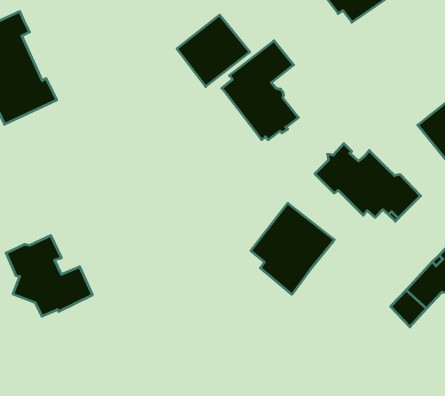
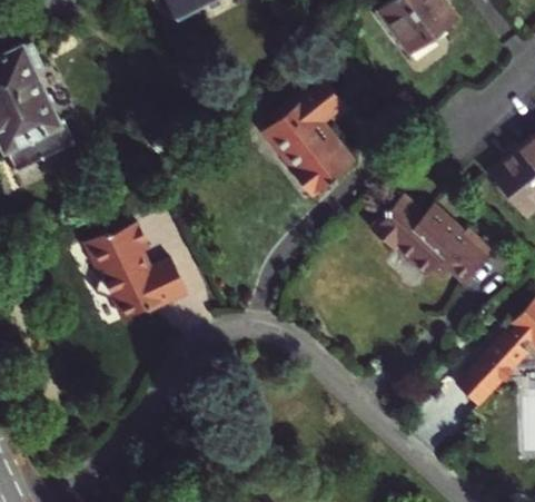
building: [177,15,250,87] -> none
building: [251,203,334,294] -> none
building: [6,236,92,316] -> [86,225,185,317]

